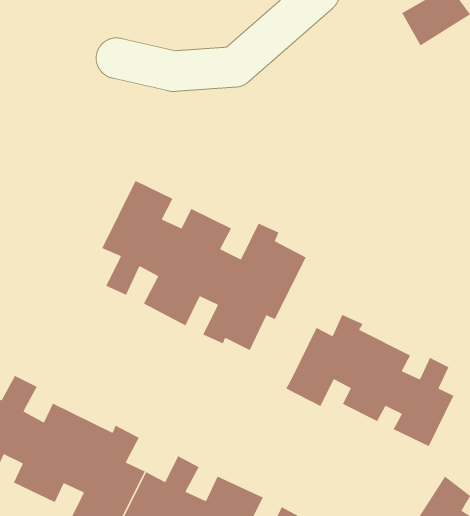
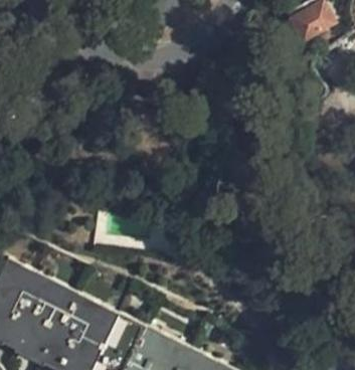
building: [101,180,307,351] -> none
building: [285,314,455,447] -> none

